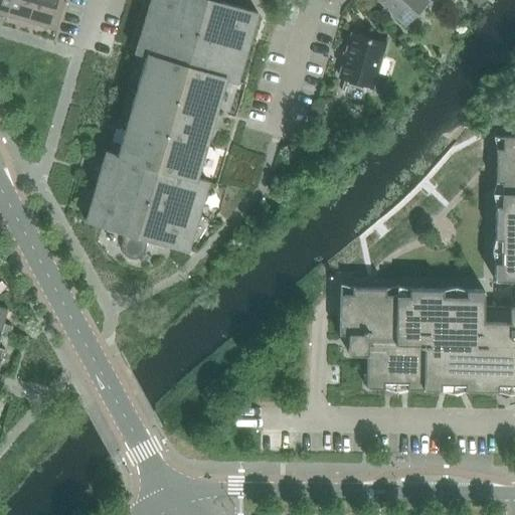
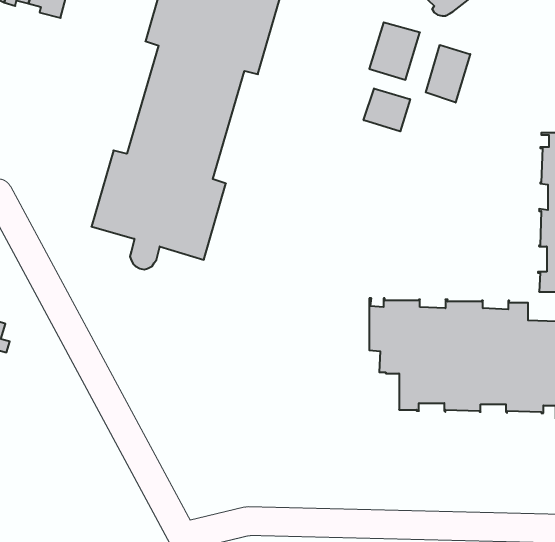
building: none -> [426,45,470,103]
building: none -> [364,88,410,131]

